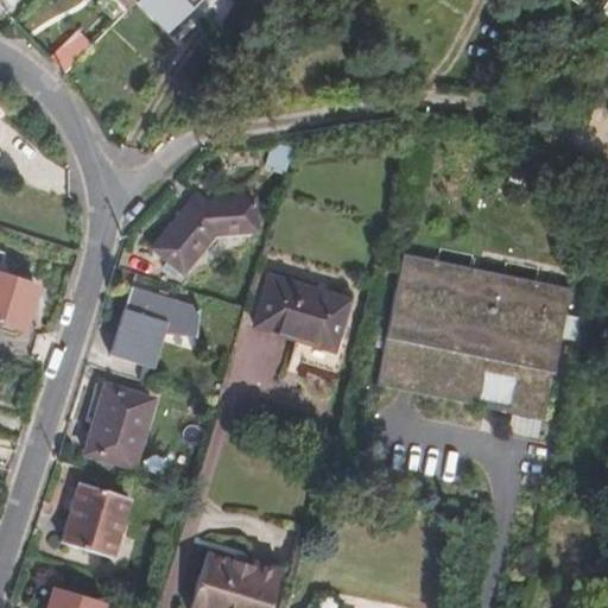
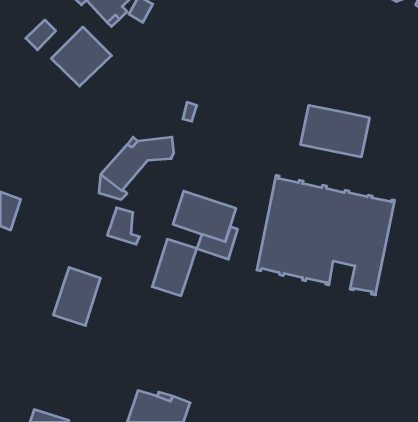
building: none -> [51,27,112,86]
building: none -> [301,105,369,157]
building: [112,284,176,365] -> [152,239,197,296]
building: [65,484,134,558] -> none

